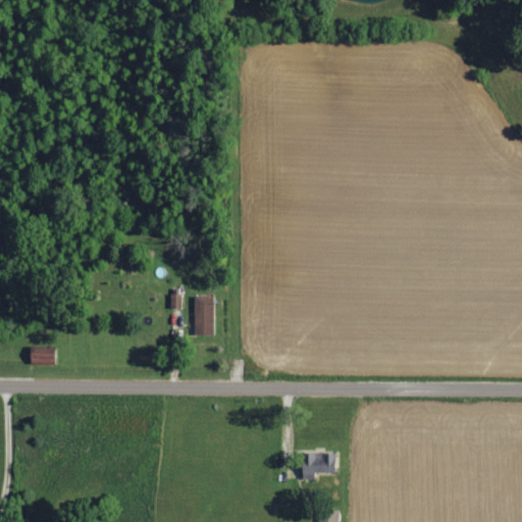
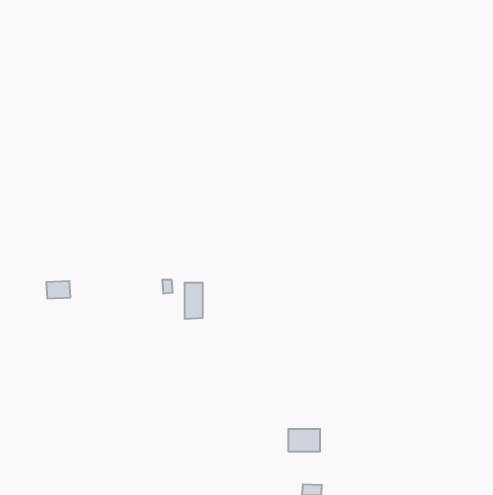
building: [31,347,56,365] -> [46,281,70,299]

